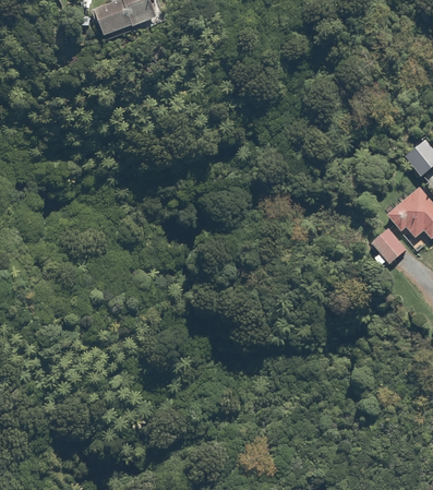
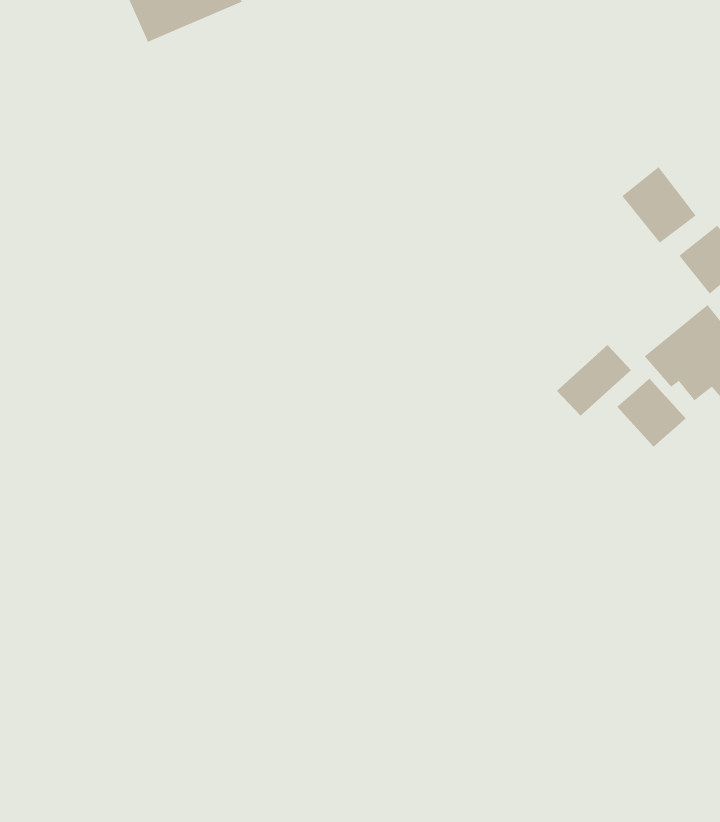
building: none -> [622,166,696,243]
building: none -> [556,344,632,416]

